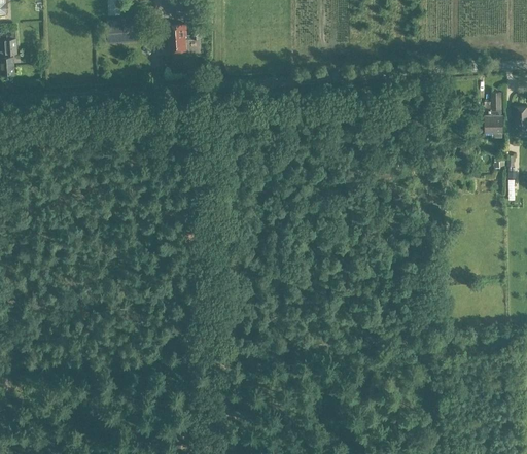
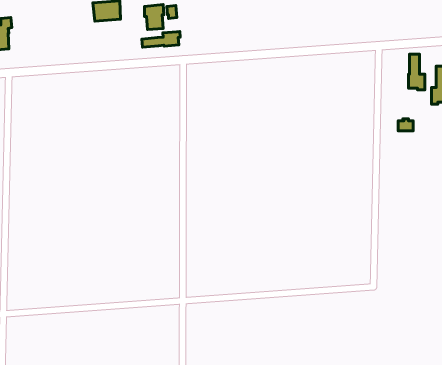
building: none -> [142,31,180,47]
building: none -> [408,54,425,90]

